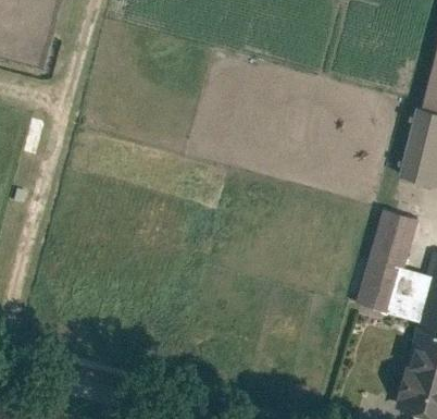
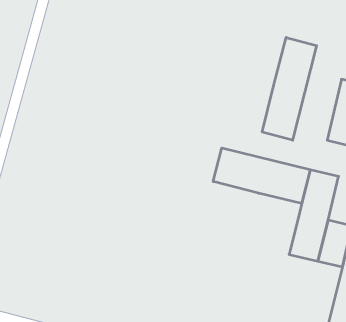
building: none -> [262,37,317,140]
building: none -> [213,148,310,203]

